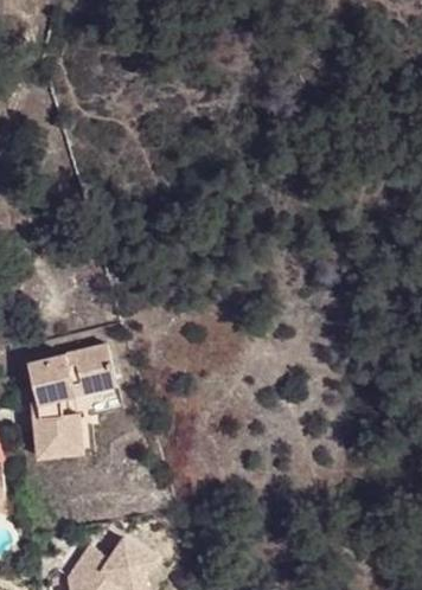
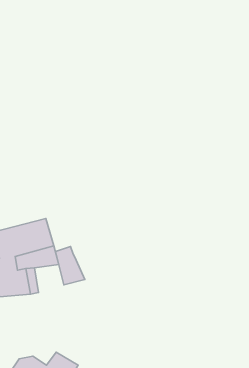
building: none -> [56,247,85,285]

